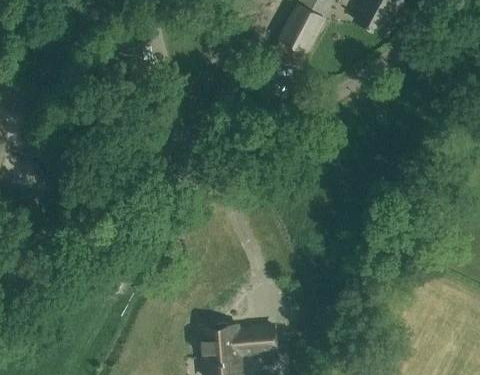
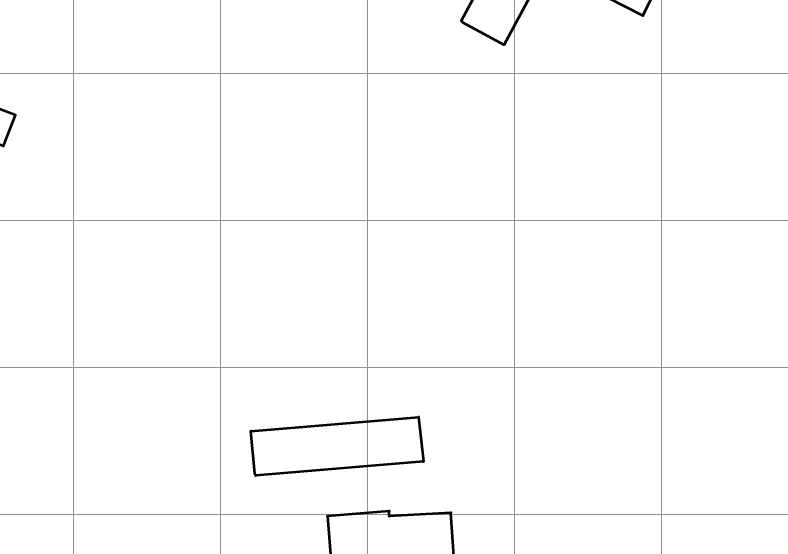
building: none -> [251,417,423,476]

